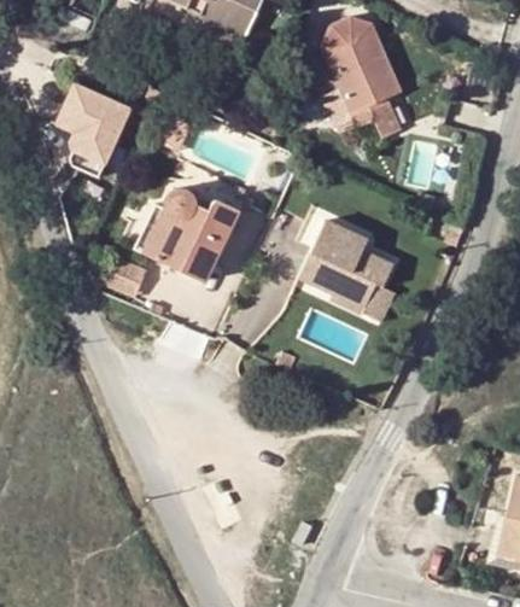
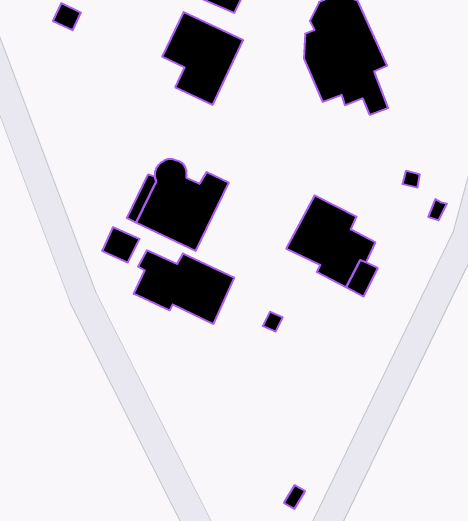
building: [54,76,138,171] -> [162,12,243,105]
building: none -> [134,250,234,324]

